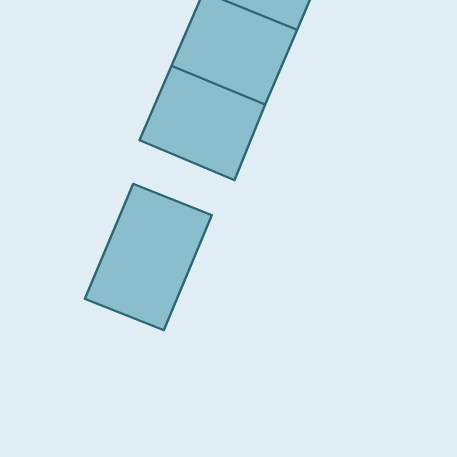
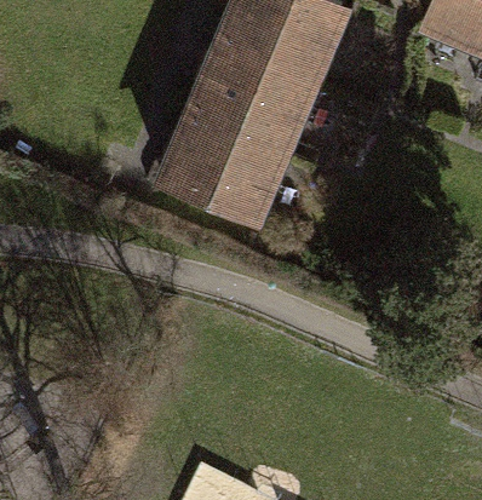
building: [85,184,212,330] -> none

